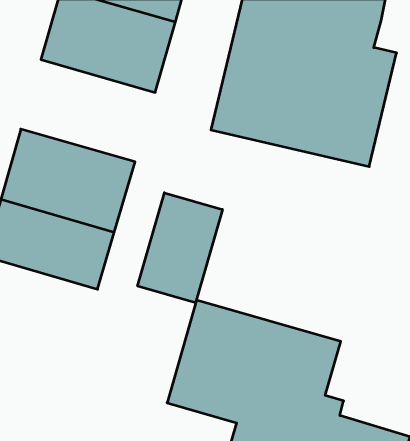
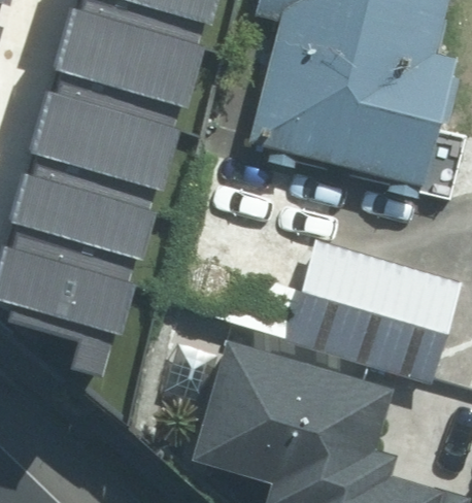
building: none -> [32,70,183,186]
building: [138,193,222,303] -> none
building: none -> [288,239,461,383]

